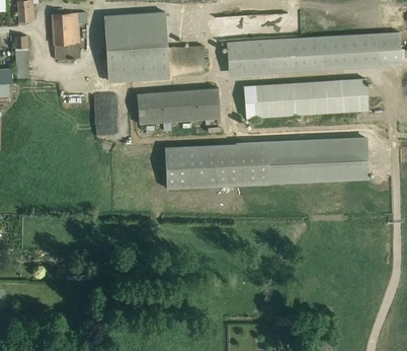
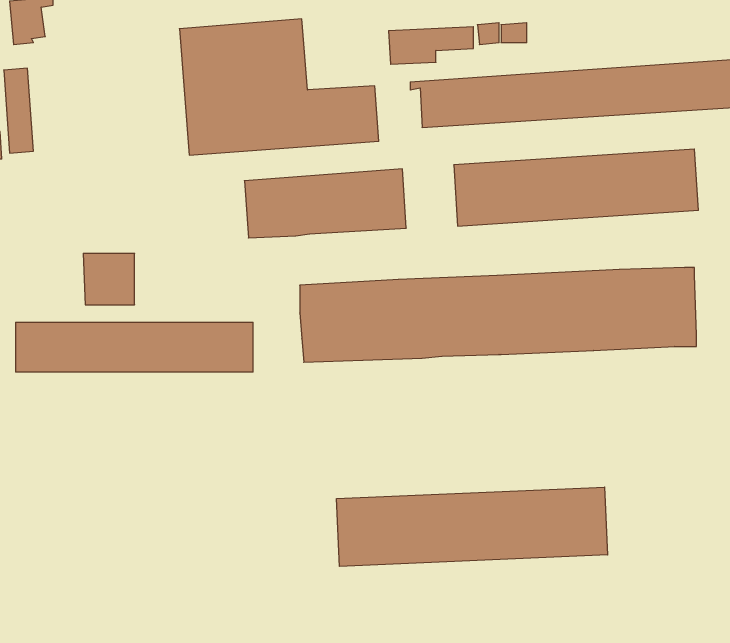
building: [52,13,86,61] -> none
building: [91,101,117,128] -> [83,253,135,305]
building: none -> [16,322,253,372]
building: none -> [337,487,608,566]

